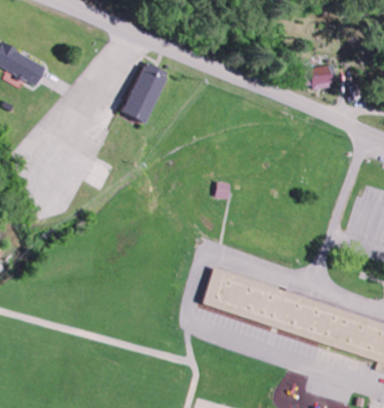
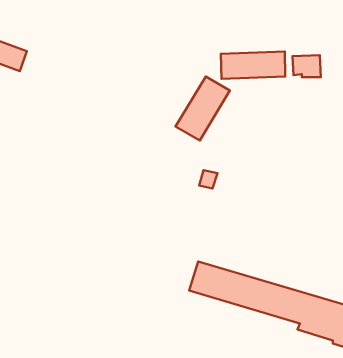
building: [119,61,173,125] -> [176,76,230,141]
building: none -> [221,51,285,79]

